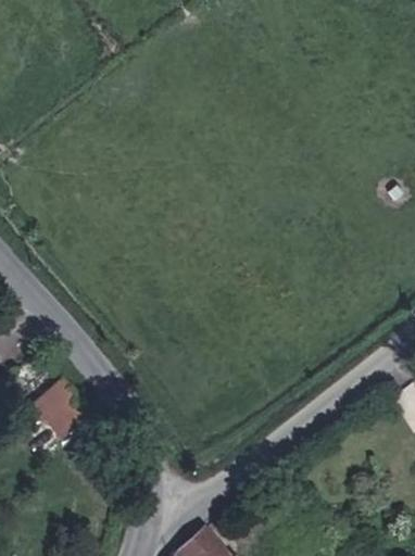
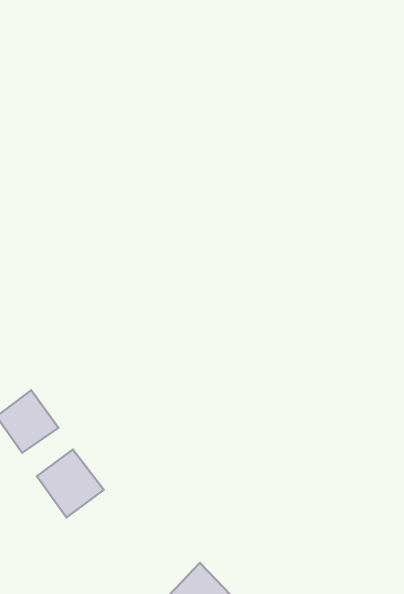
building: none -> [37,450,104,517]

